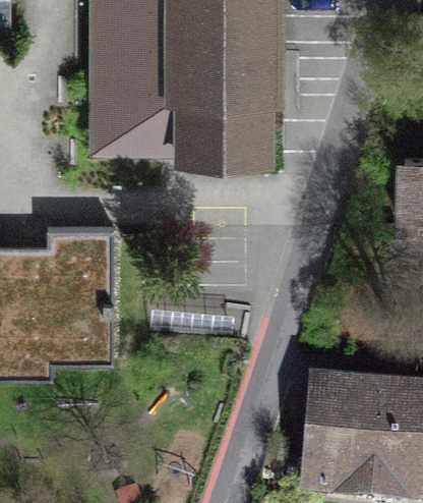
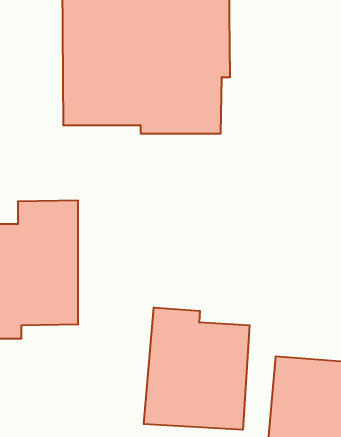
building: none -> [144,307,250,430]

